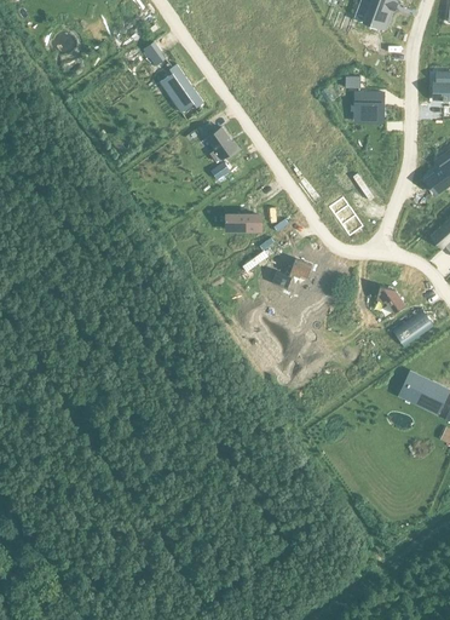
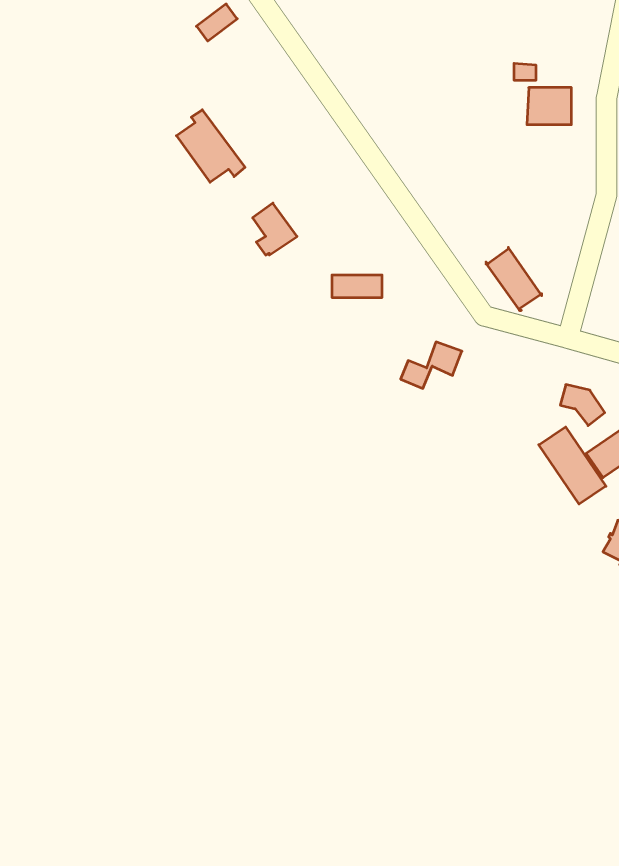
building: [160,64,204,111] -> [176,110,245,182]
building: [208,127,237,161] -> [253,203,297,255]
building: none -> [539,427,606,504]

